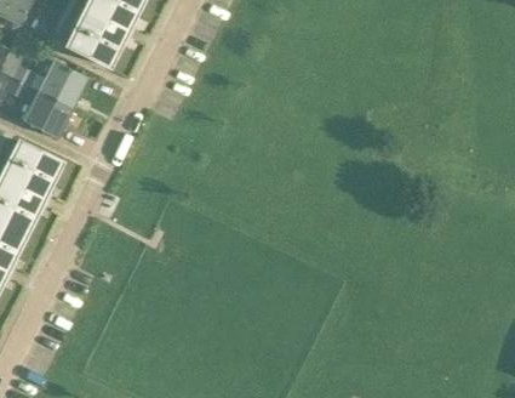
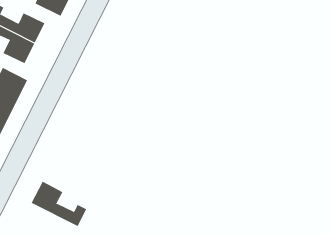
building: none -> [31,181,87,227]

